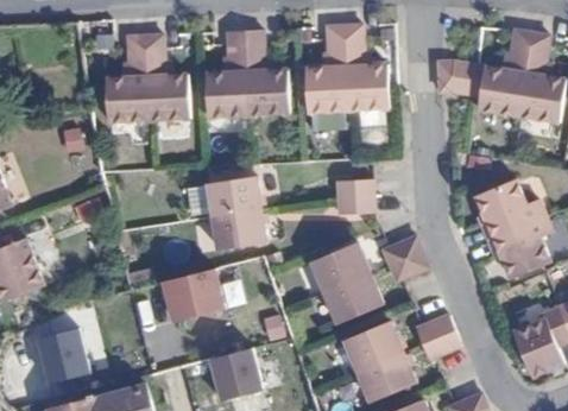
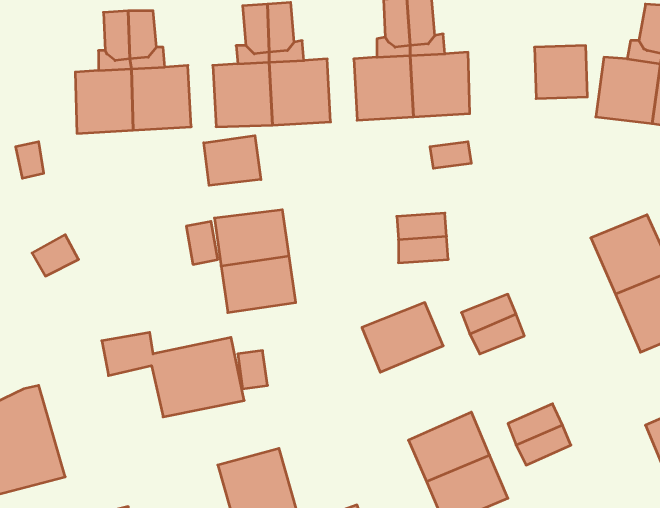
building: none -> [204,136,261,185]
building: [323,273,381,323] -> none

